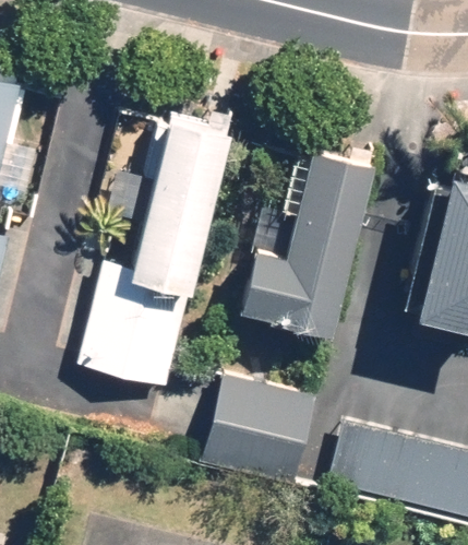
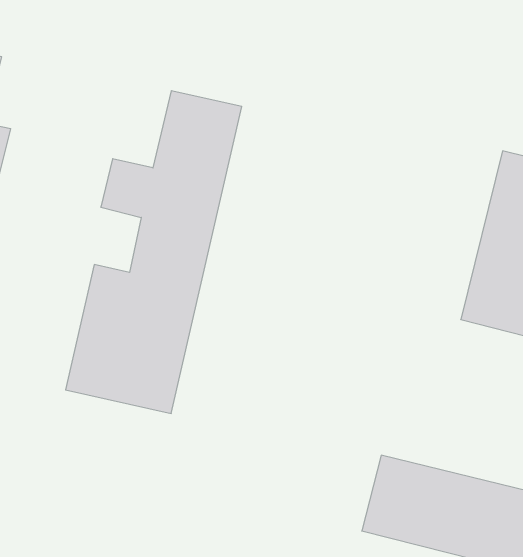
building: [237,147,372,333] -> none
building: [201,377,316,488] -> none

